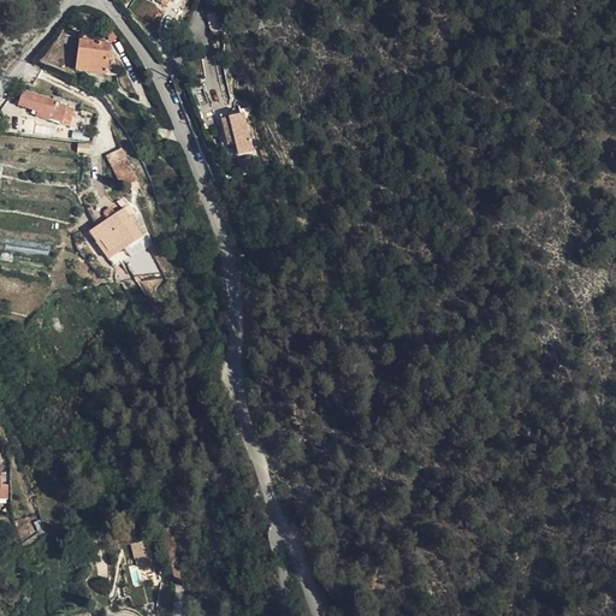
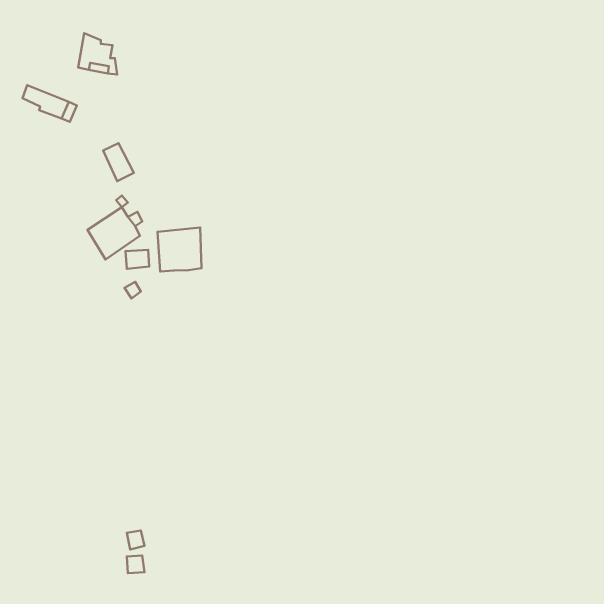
building: [215,113,250,161] -> none
building: none -> [157,228,202,272]

